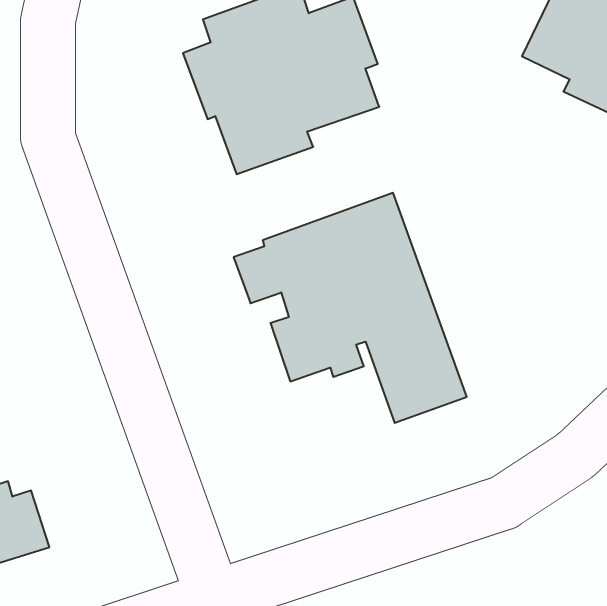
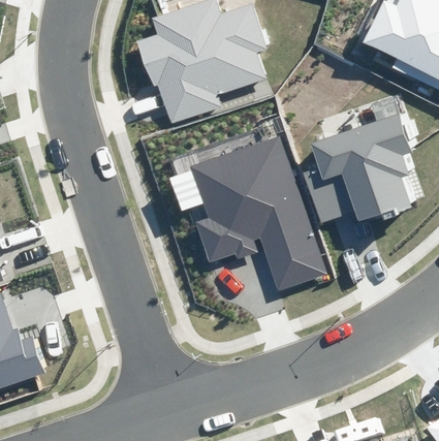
building: none -> [303,114,411,222]

